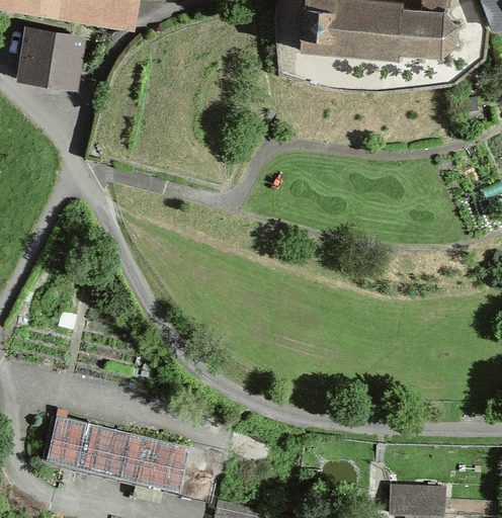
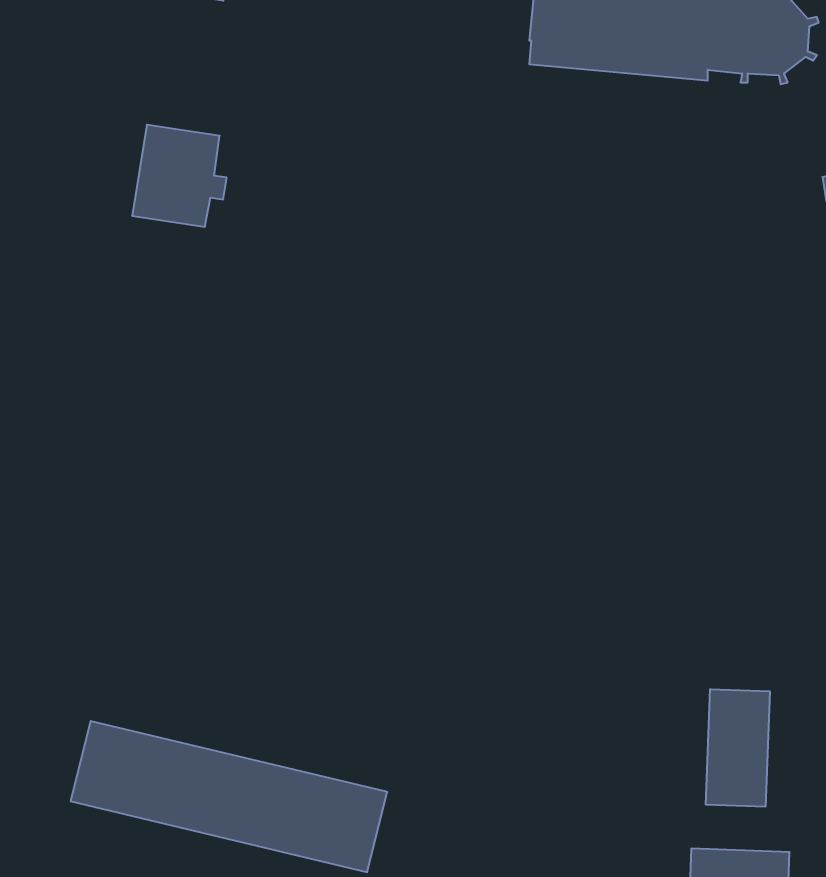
building: [21,29,74,86] -> [132,125,227,227]
building: none -> [706,689,770,807]

